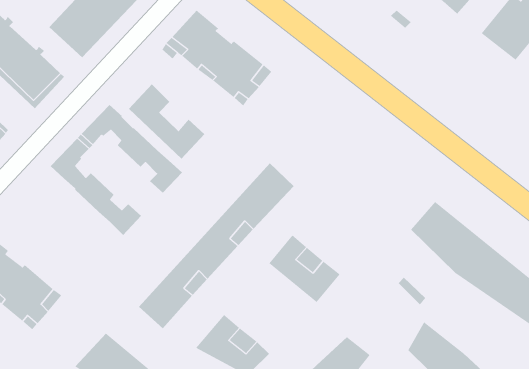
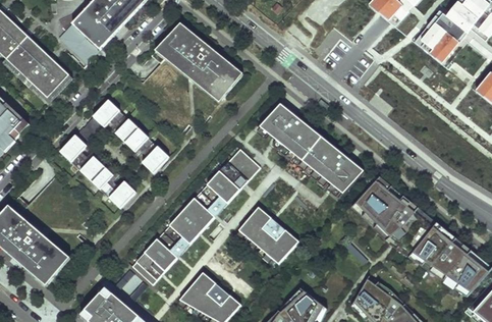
building: [128,84,205,159] -> none
building: none -> [262,104,362,193]

